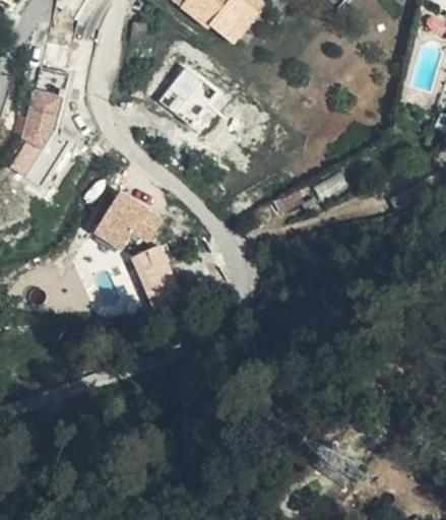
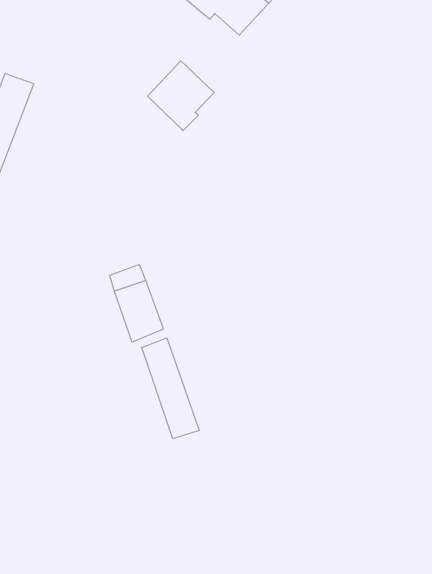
building: [90,189,165,252] -> none
building: none -> [142,338,199,439]

